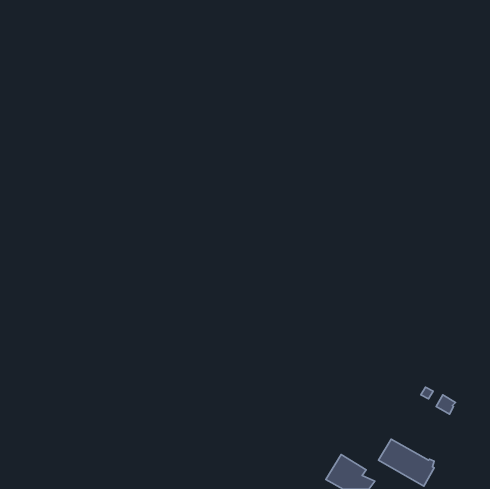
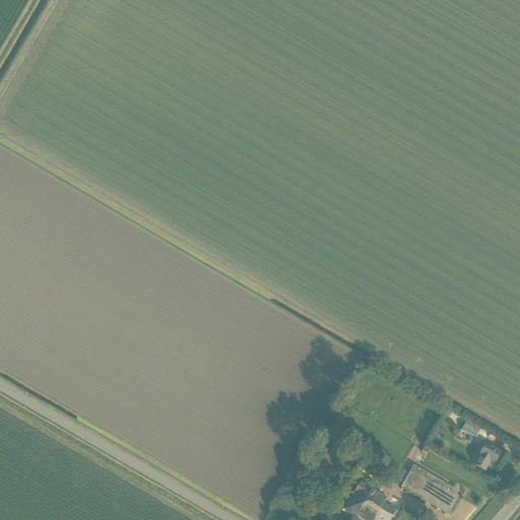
building: none -> [473,442,502,470]

